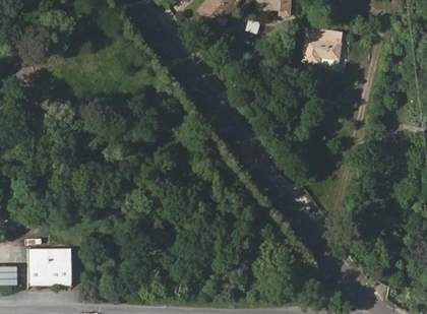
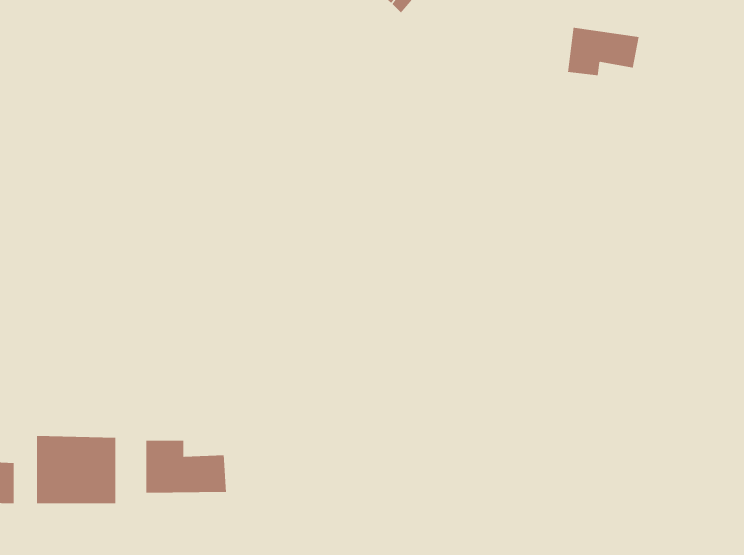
building: none -> [146,440,226,494]

